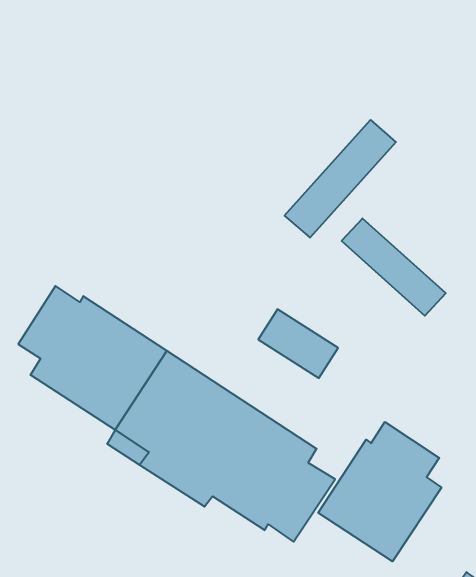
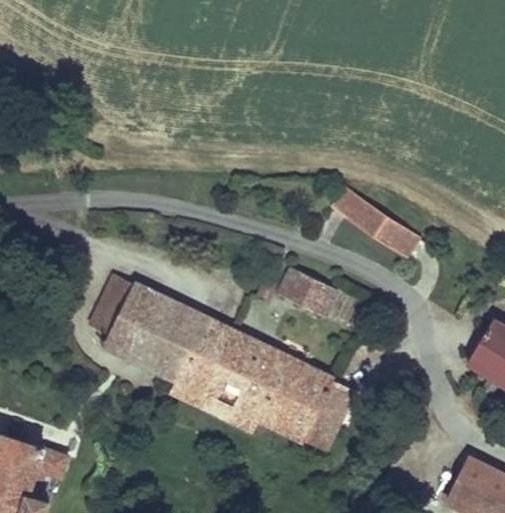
building: [285,120,396,238] -> none
building: [318,422,441,561] -> none

